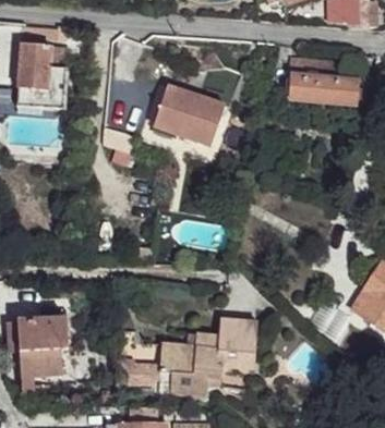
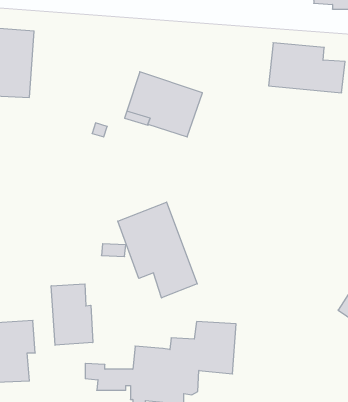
building: none -> [118,202,197,298]
building: none -> [51,284,93,345]

